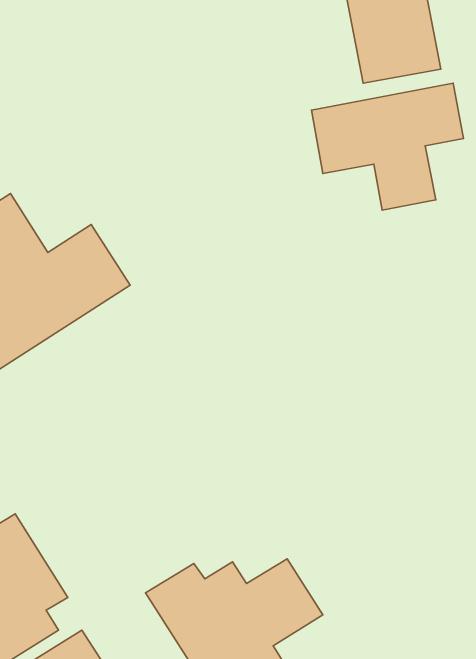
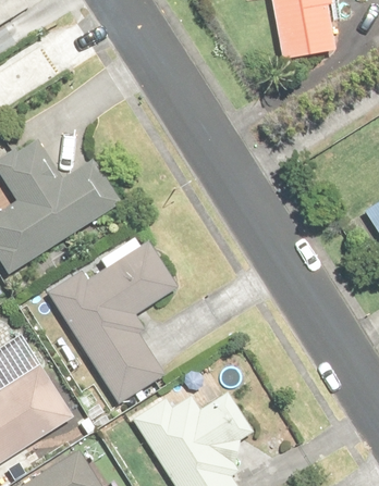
building: [311,83,464,210] -> none
building: none -> [46,240,176,402]

